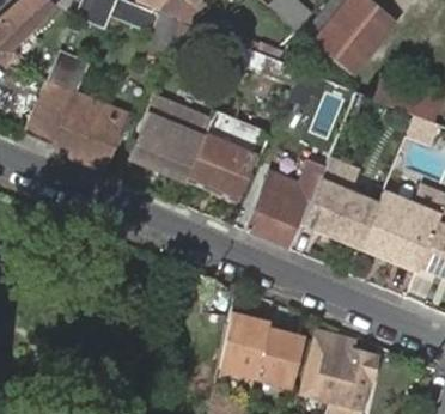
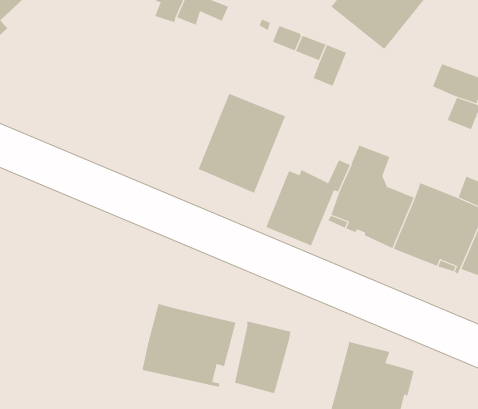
building: [26,49,126,170] -> none
building: [132,97,211,178] -> none
building: none -> [142,303,236,387]
building: [255,329,304,385] -> none

